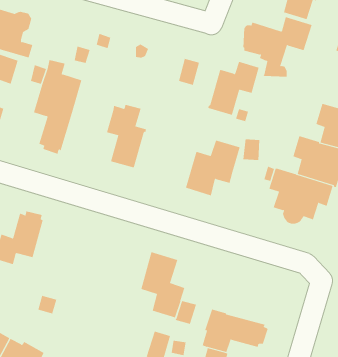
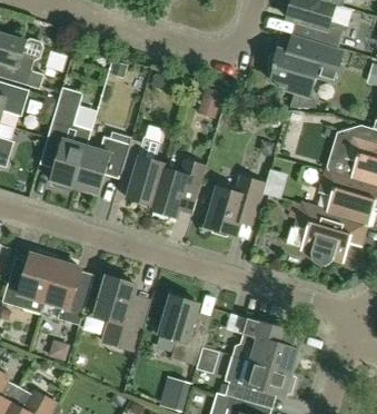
building: [207,61,259,115] -> [149,159,205,217]
building: none -> [73,136,128,194]
building: none -> [43,260,86,324]
building: none -> [95,276,140,349]
building: none -> [231,317,298,372]

